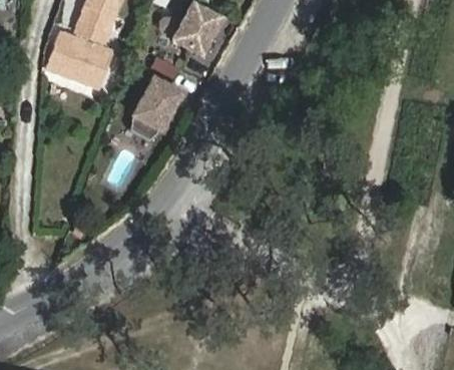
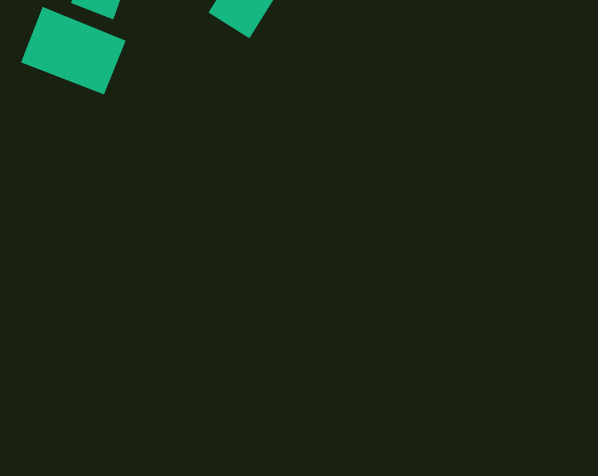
building: [126,76,178,138] -> none

